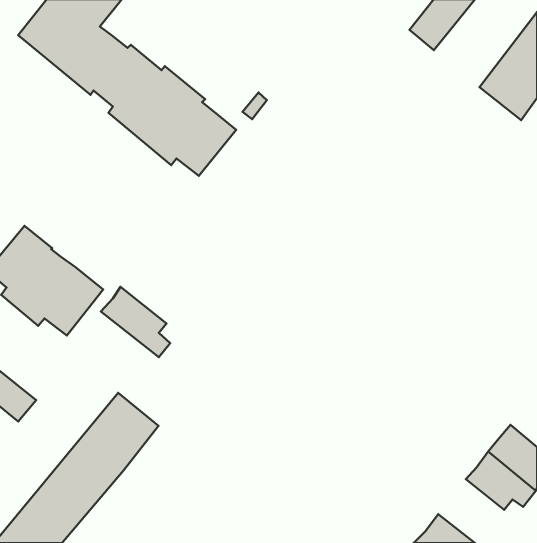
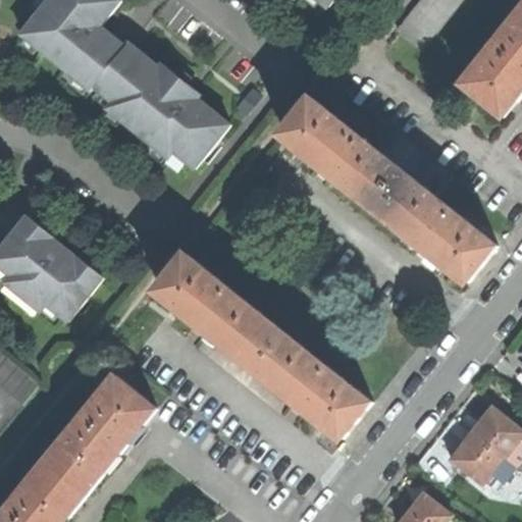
building: none -> [279,98,492,279]
building: none -> [155,254,369,438]
building: [101,287,170,357] -> none

